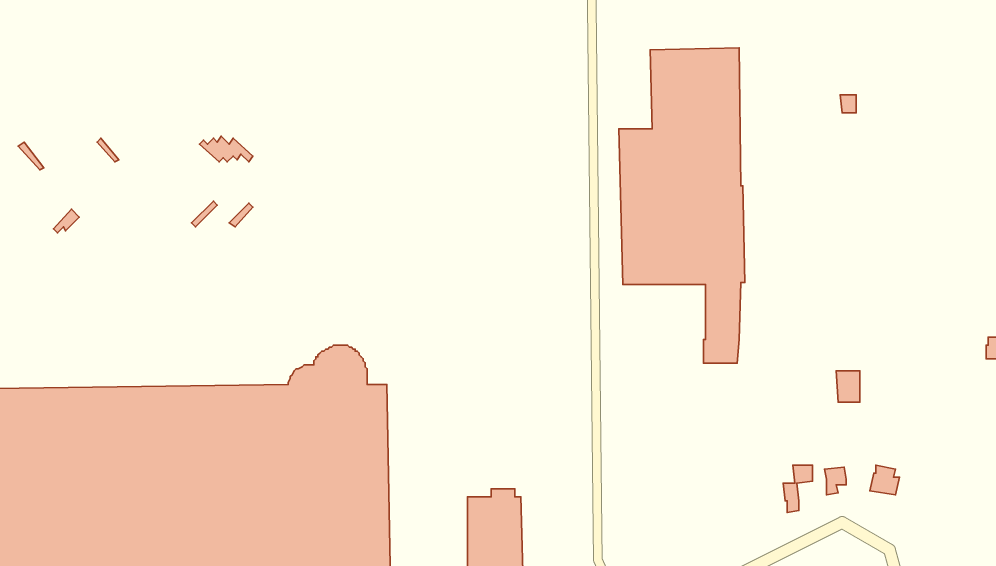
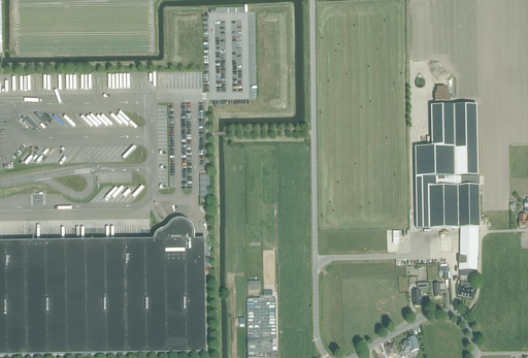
building: [619,48,745,363] -> [414,102,480,267]

